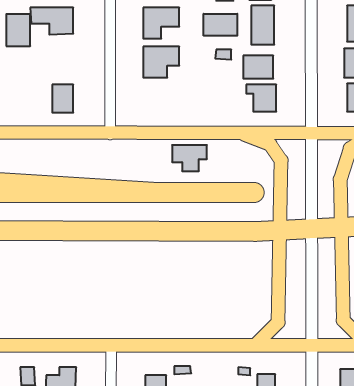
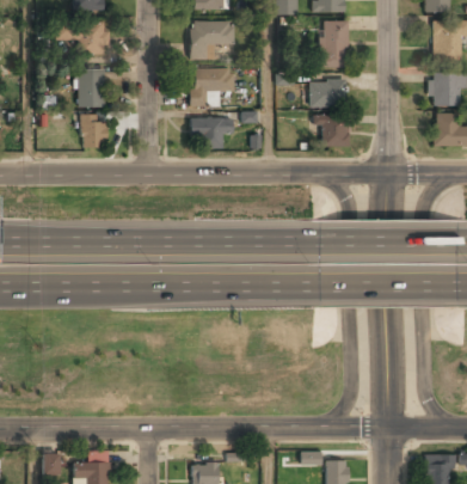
building: [204,14,237,36] -> none
building: [6,14,30,46] -> [76,69,105,108]
building: [172,145,207,171] -> [190,118,232,149]

